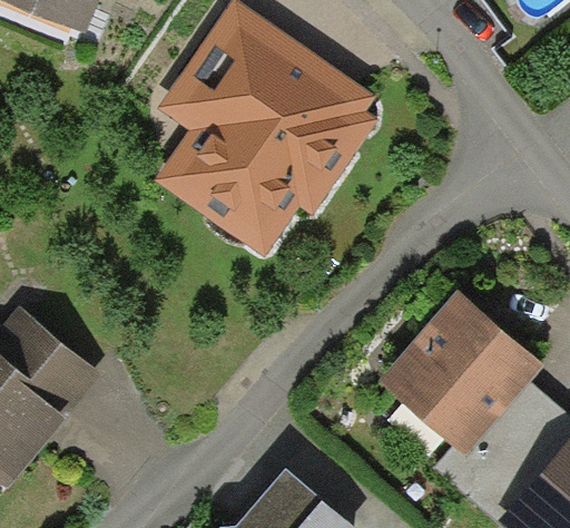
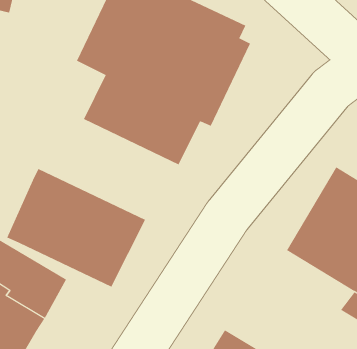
building: none -> [7,168,146,288]

